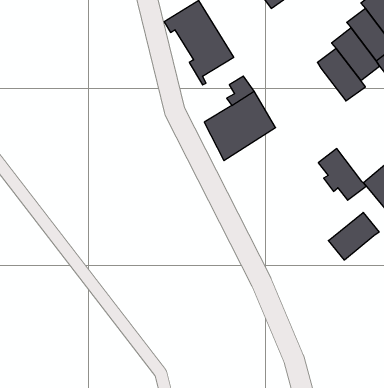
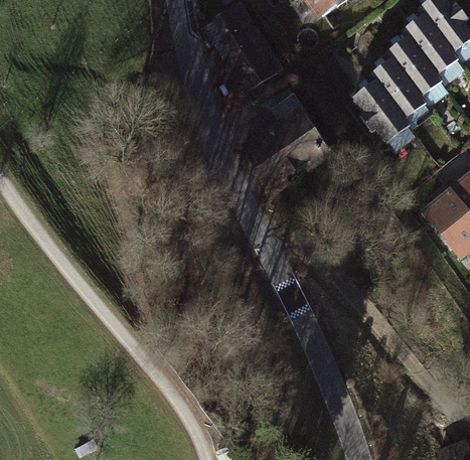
building: [318,149,366,200] -> [353,82,408,140]
building: [328,212,379,260] -> none

